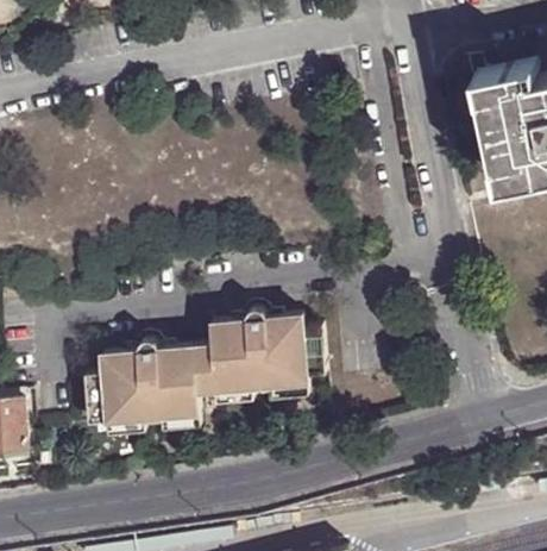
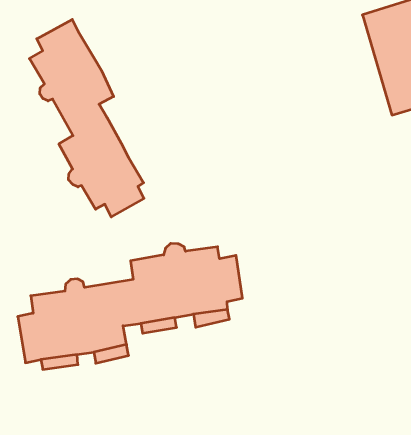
building: none -> [29,19,144,217]

